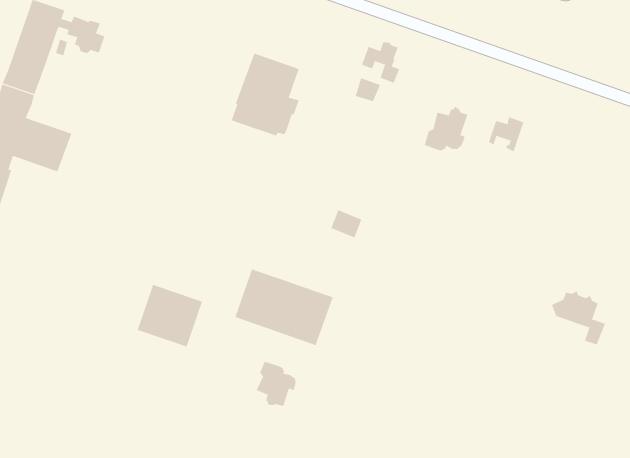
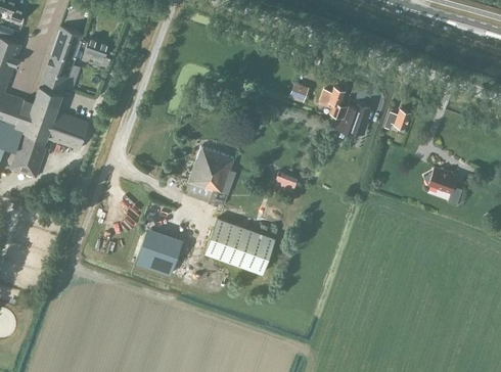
building: [361,42,400,83] -> [319,87,347,117]
building: [231,53,300,136] -> [185,146,234,205]
building: [551,290,606,345] -> [424,167,463,205]
building: [256,361,296,407] -> none

